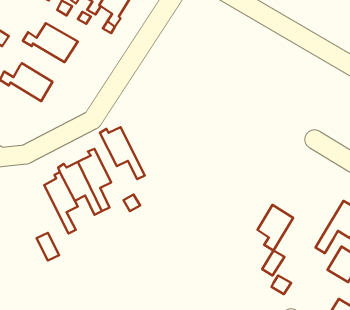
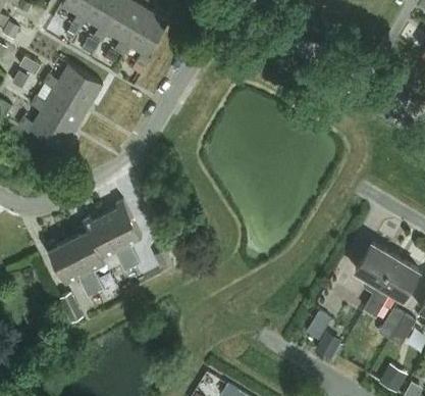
building: none -> [31,86,90,128]
building: [100,127,145,179] -> [45,241,94,298]
building: [258,205,293,250] -> [356,244,394,294]

